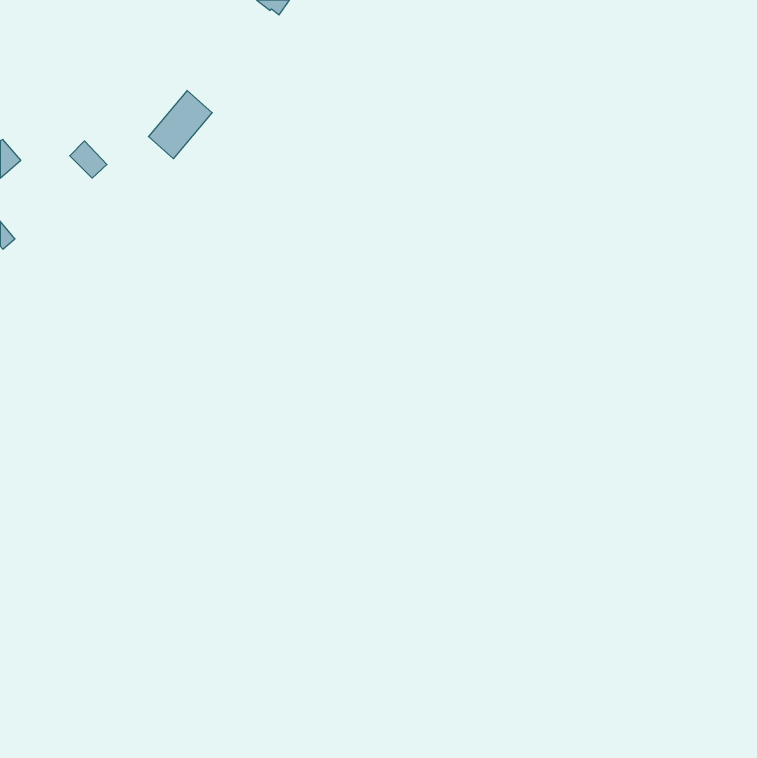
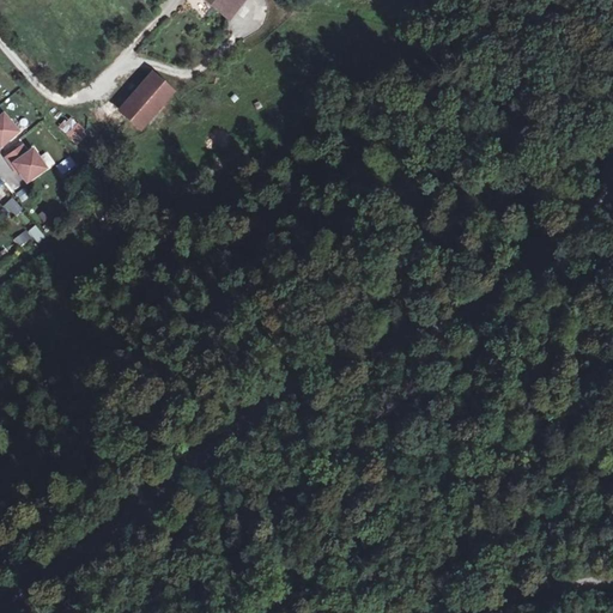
building: none -> [6,145,45,181]

